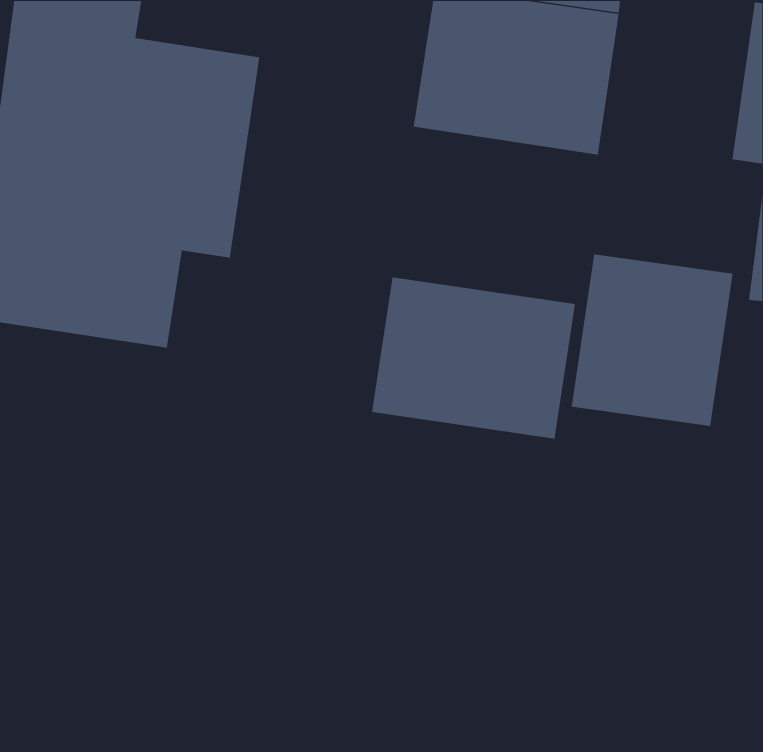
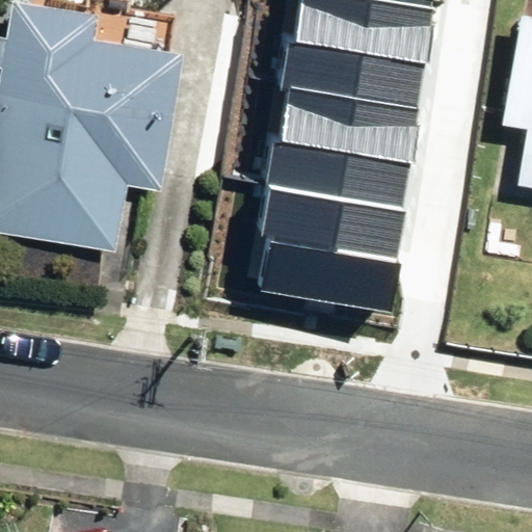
building: none -> [272,97,416,219]
building: [571,253,733,427] -> none

